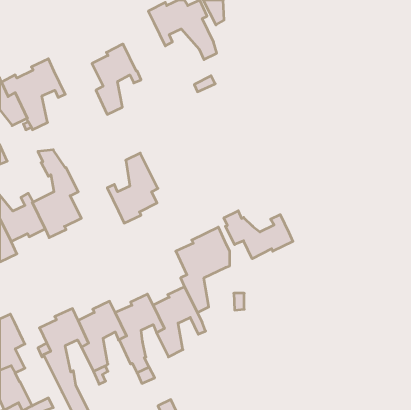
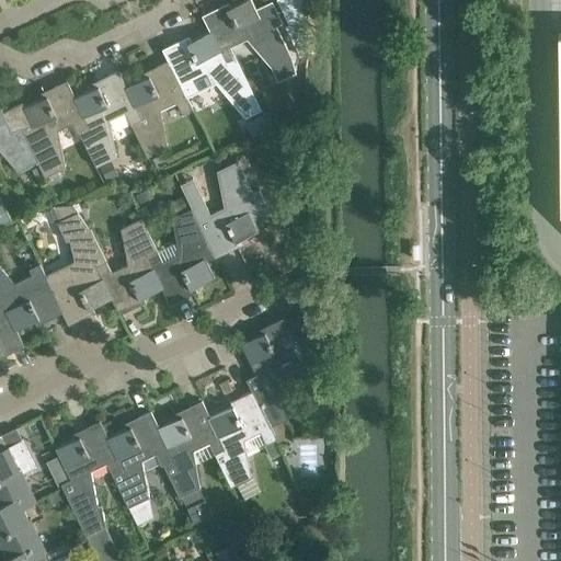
building: none -> [161,33,260,118]
building: none -> [73,72,140,168]
building: none -> [191,163,268,259]
building: none -> [95,220,161,316]
building: [224,211,293,259] -> none

